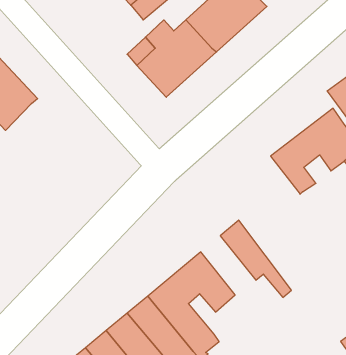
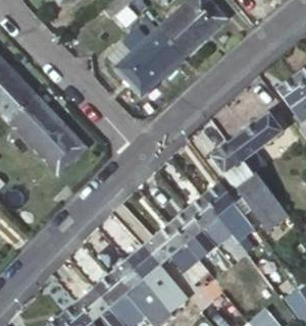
building: none -> [8,95,85,172]
building: none -> [210,143,285,226]
building: none -> [202,181,253,254]
building: none -> [170,209,216,260]

